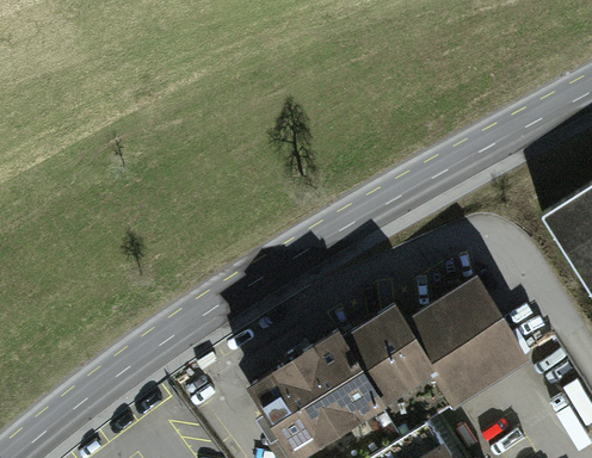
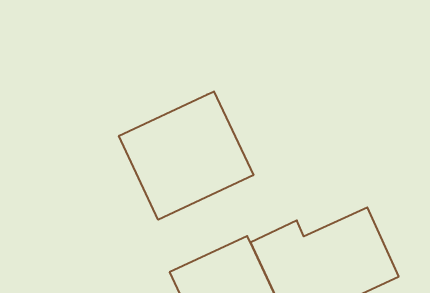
building: none -> [119,91,253,220]

